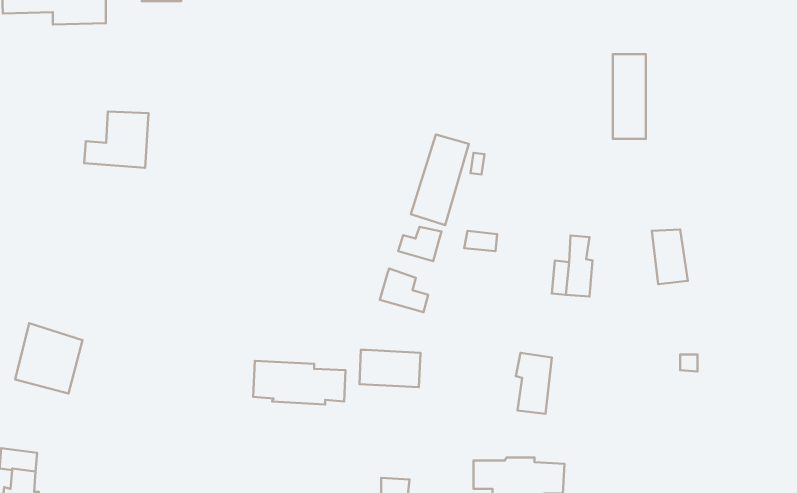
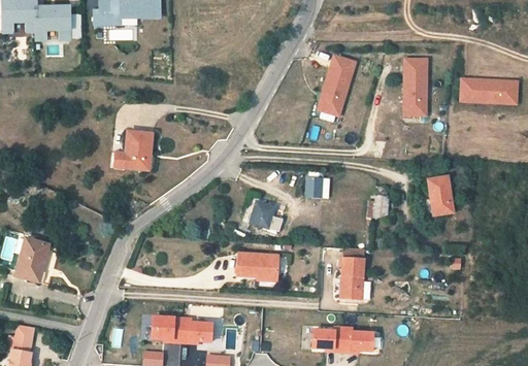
building: none -> [461,78,519,106]
building: [84,111,148,168] -> [111,134,154,171]
building: [411,135,469,225] -> [318,57,356,117]
building: [398,227,441,261] -> none
building: [253,361,346,405] -> [152,314,212,343]

